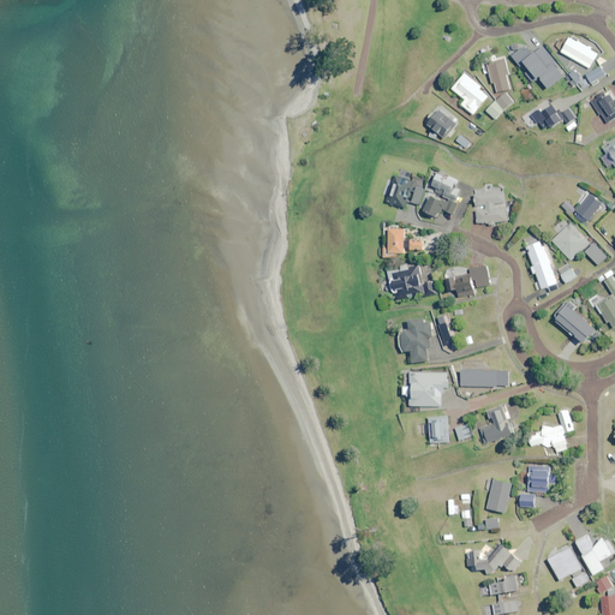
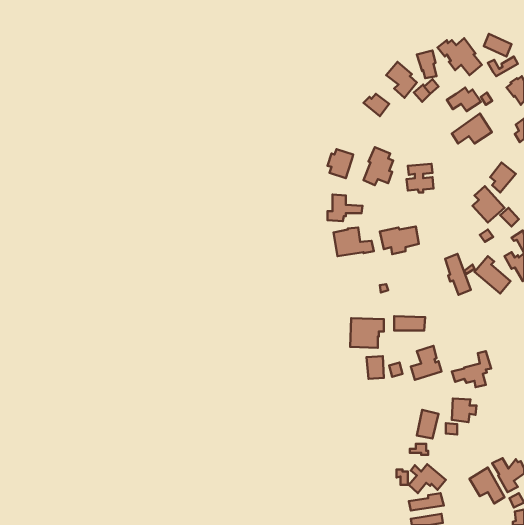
building: none -> [452,114,492,144]
building: [526,240,556,288] -> [445,254,471,295]
building: [401,318,431,362] -> none

